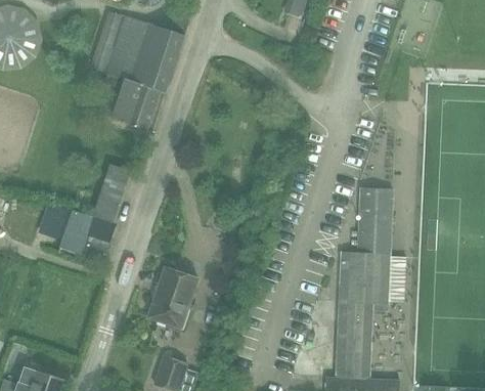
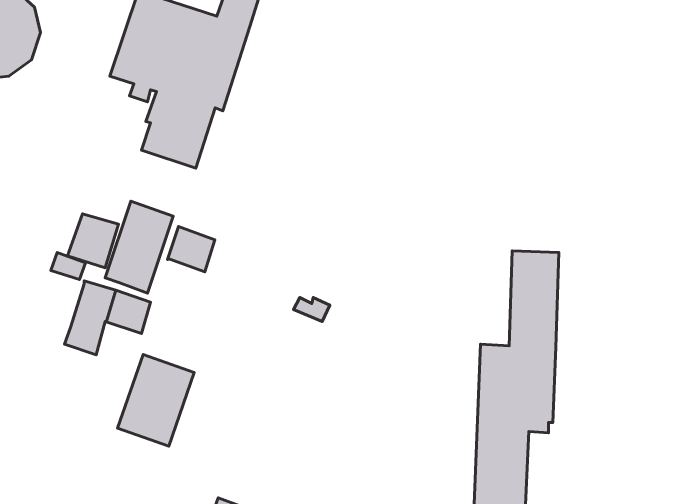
building: none -> [167,226,215,272]
building: [36,203,71,240] -> [67,214,119,268]
building: [146,267,199,330] -> [117,355,194,446]

